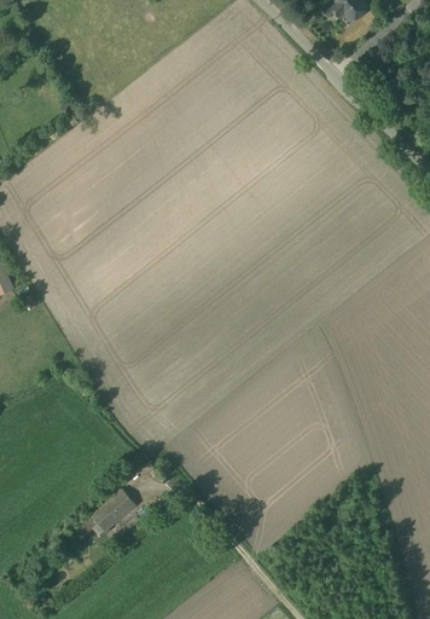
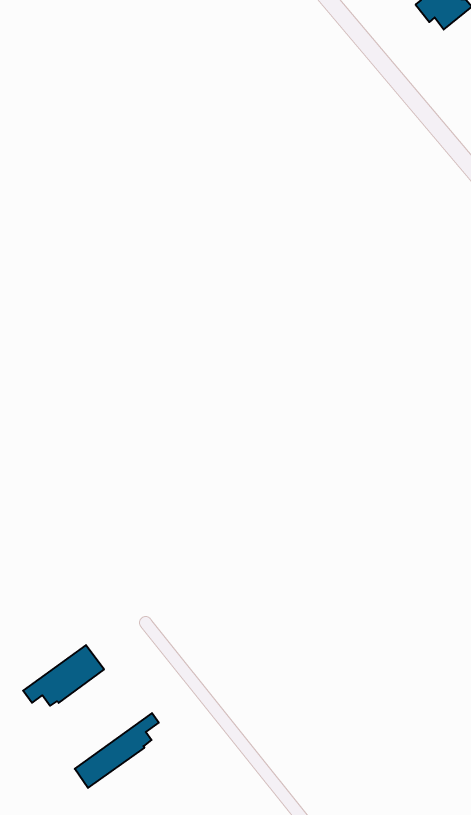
building: none -> [75,713,159,788]

